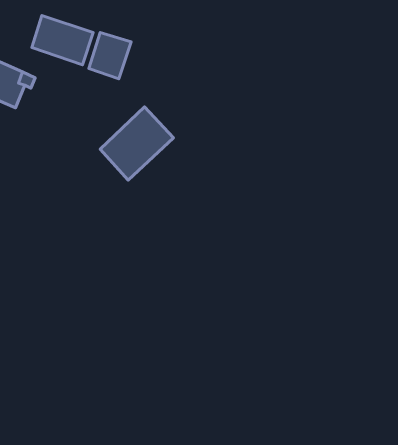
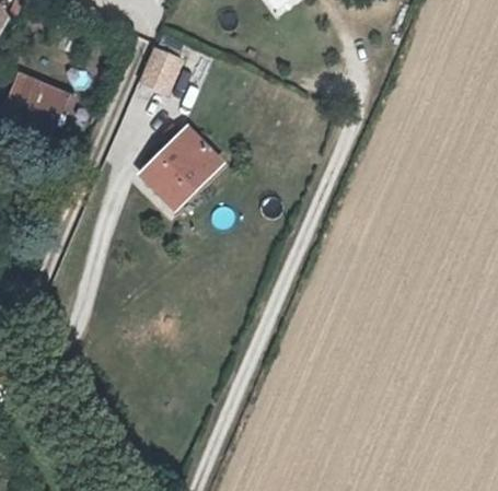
building: [32,15,93,65] -> none

